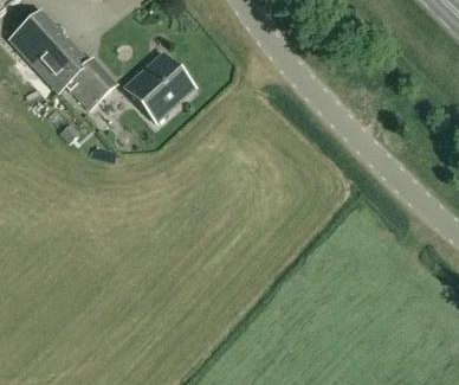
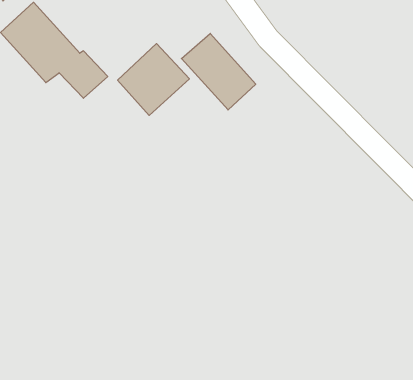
building: none -> [181,33,256,110]

